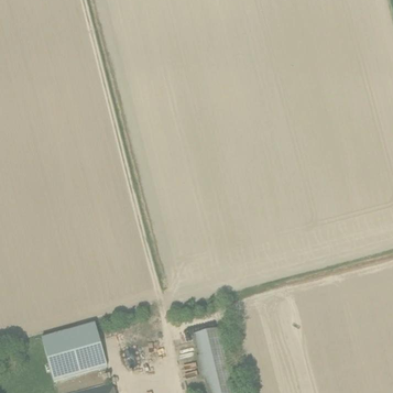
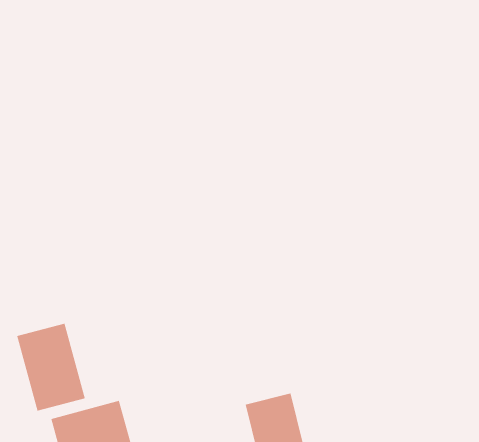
building: none -> [17,323,85,412]

